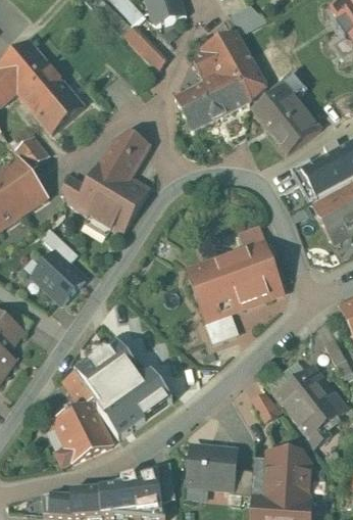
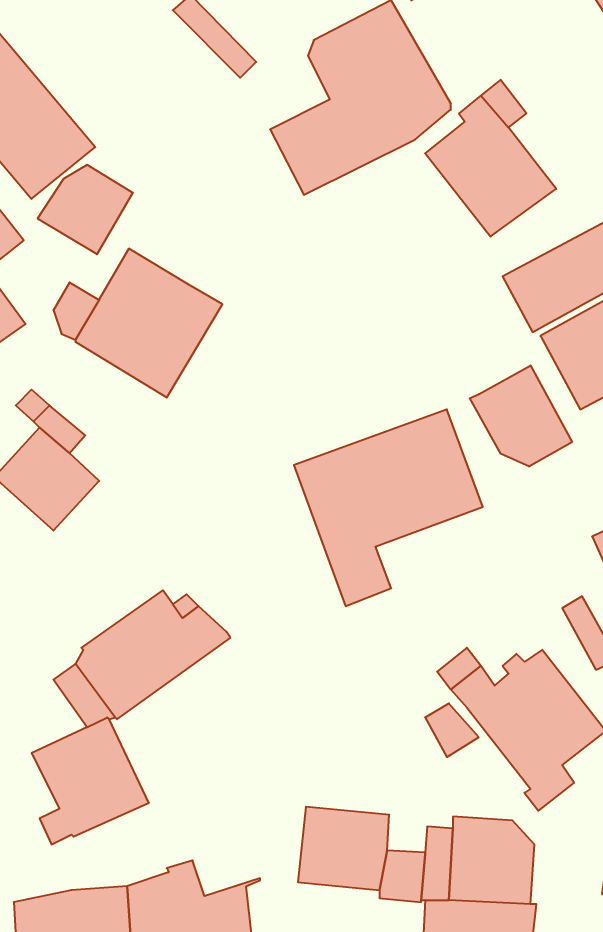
building: [101,131,150,177] -> [38,165,133,254]
building: none -> [470,365,572,467]
building: [96,363,179,437] -> none

